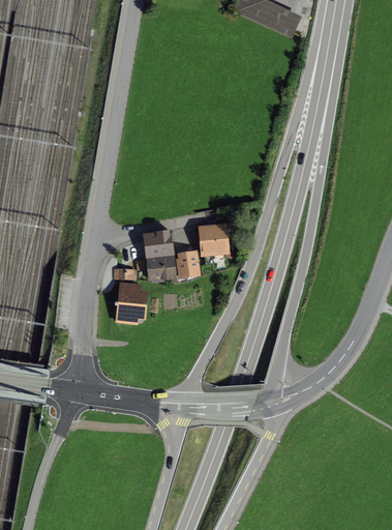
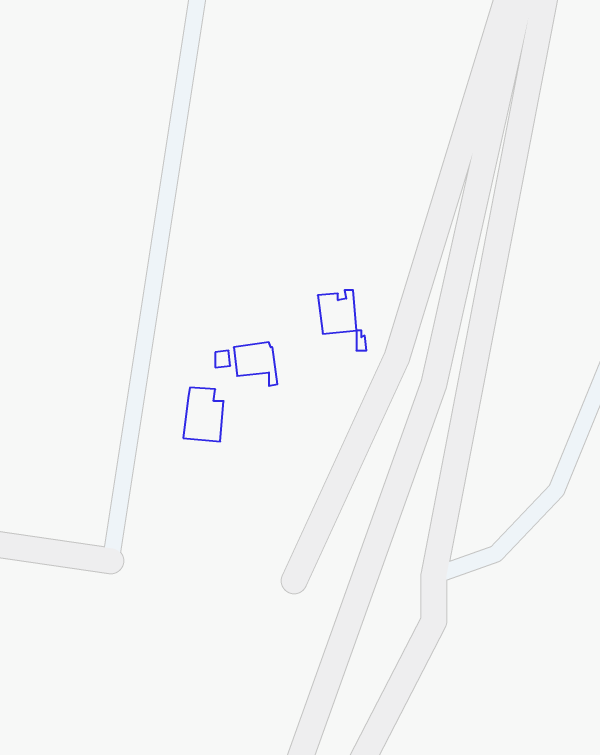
building: [146,231,173,257] -> none
building: [176,252,199,276] -> none

